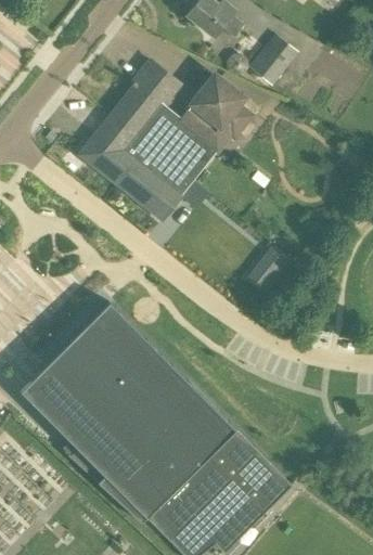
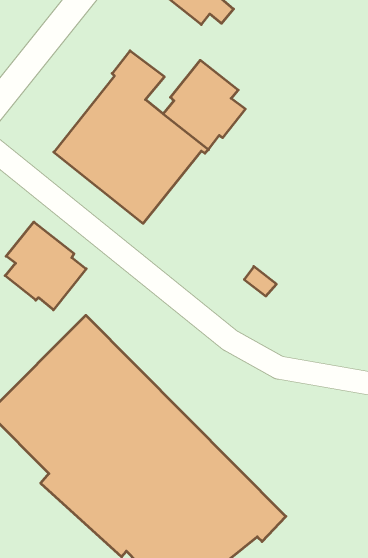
building: [249,35,299,86] -> none
building: none -> [5,222,86,310]

